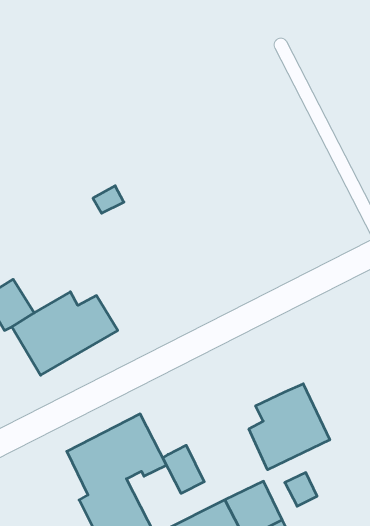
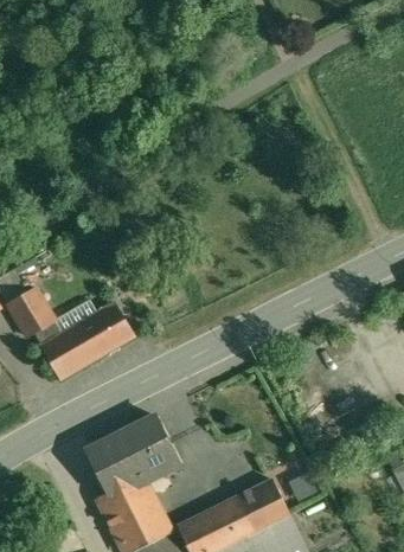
building: [249,384,330,470] -> none
building: [163,445,204,493] -> none

